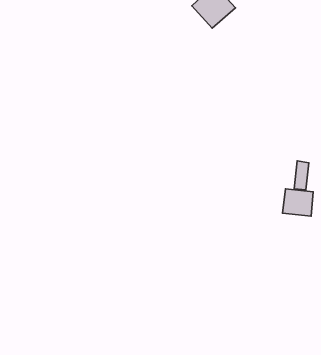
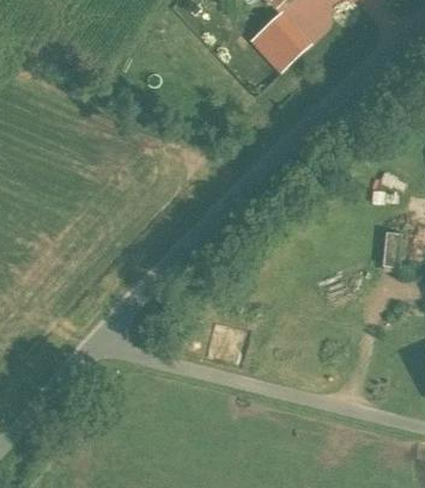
building: [282,189,313,216] -> none

